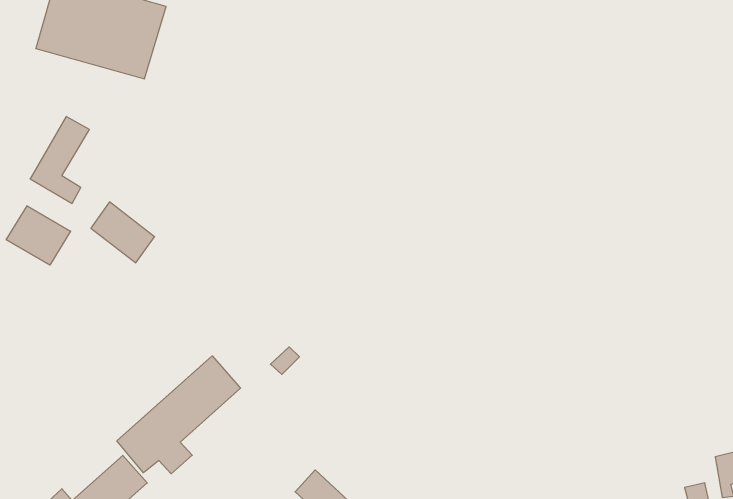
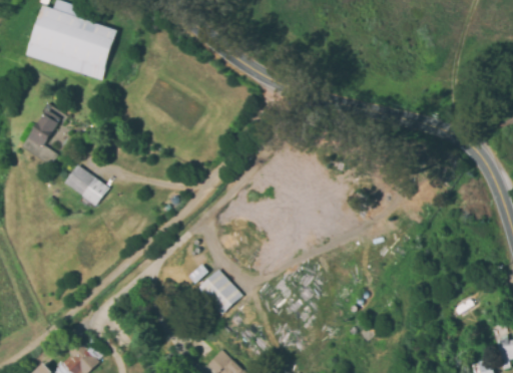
building: [6,206,71,265] -> none
building: none -> [197,269,241,314]
building: [117,356,241,474] -> none

